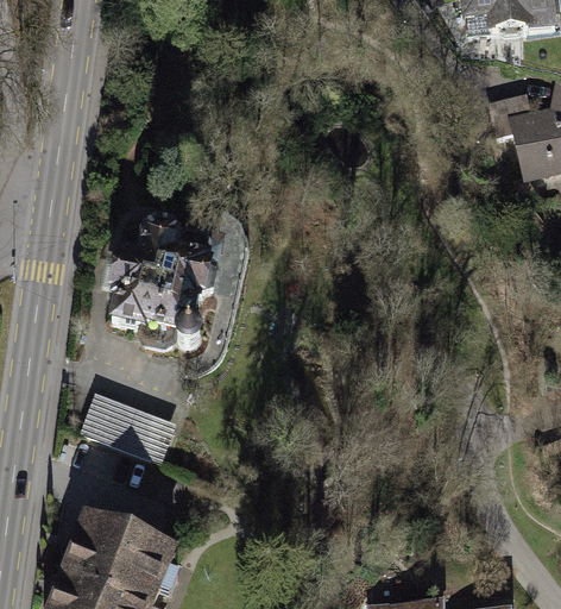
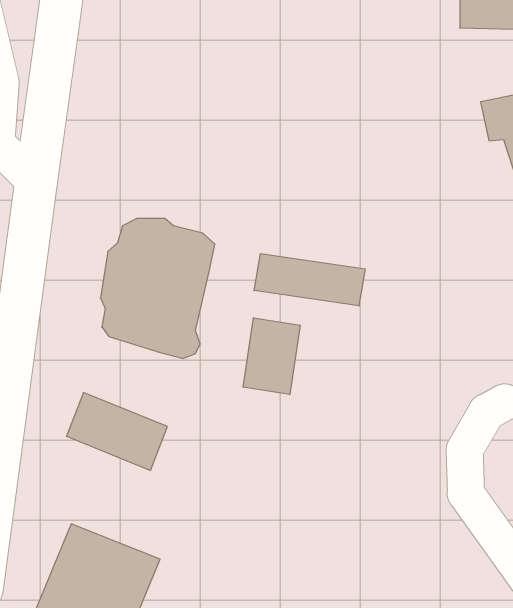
building: none -> [254,254,365,306]
building: none -> [243,318,300,395]

